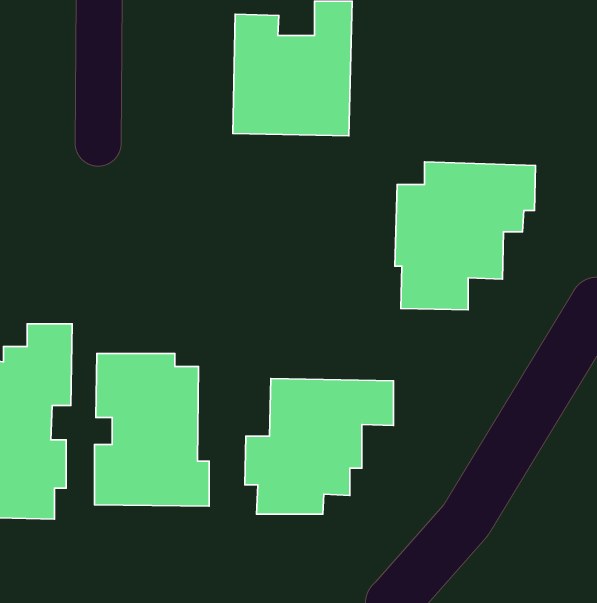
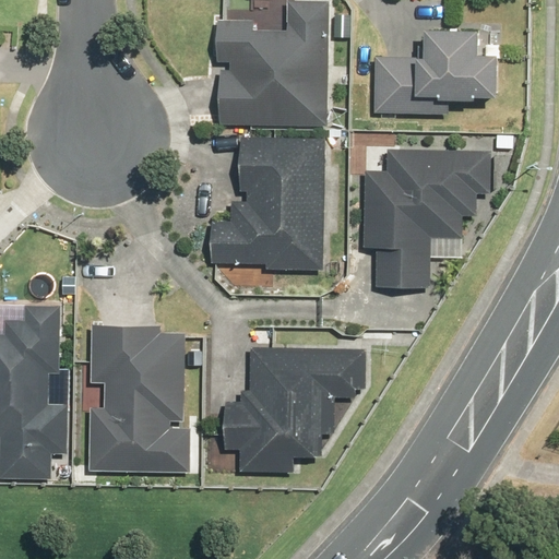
building: none -> [365,23,502,121]
building: none -> [213,138,324,272]

